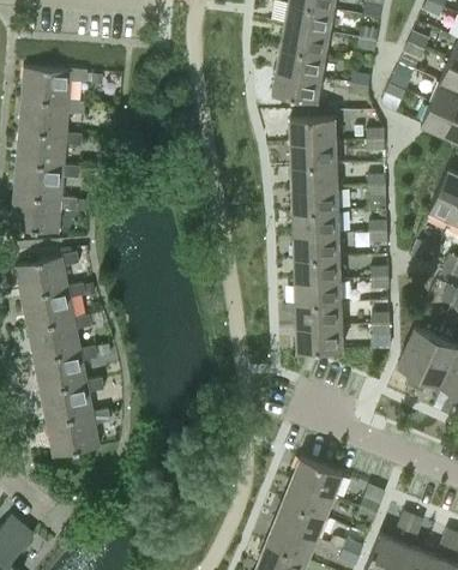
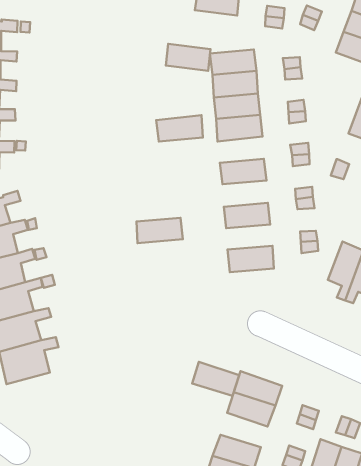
building: [271,72,319,103] -> [166,44,210,71]
building: [290,210,338,235] -> [156,115,203,141]
building: [293,257,339,282] -> none
building: [294,304,342,328] -> [136,218,183,243]
building: [275,500,325,539] -> [192,362,239,396]

